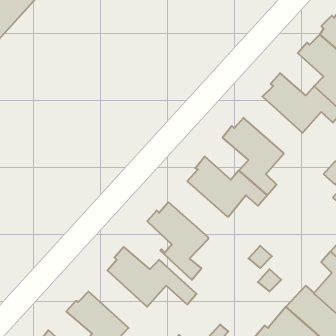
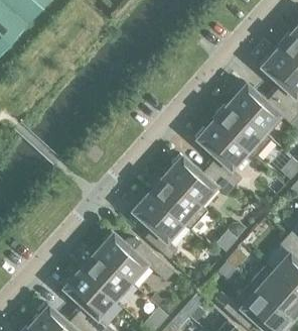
building: none -> [212,103,271,159]
building: none -> [148,176,206,231]
building: none -> [80,252,130,302]

